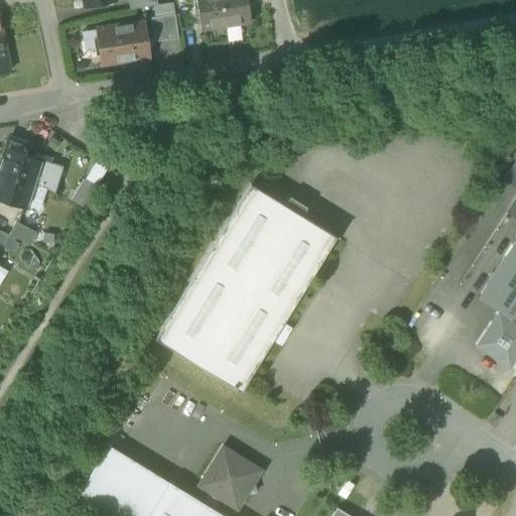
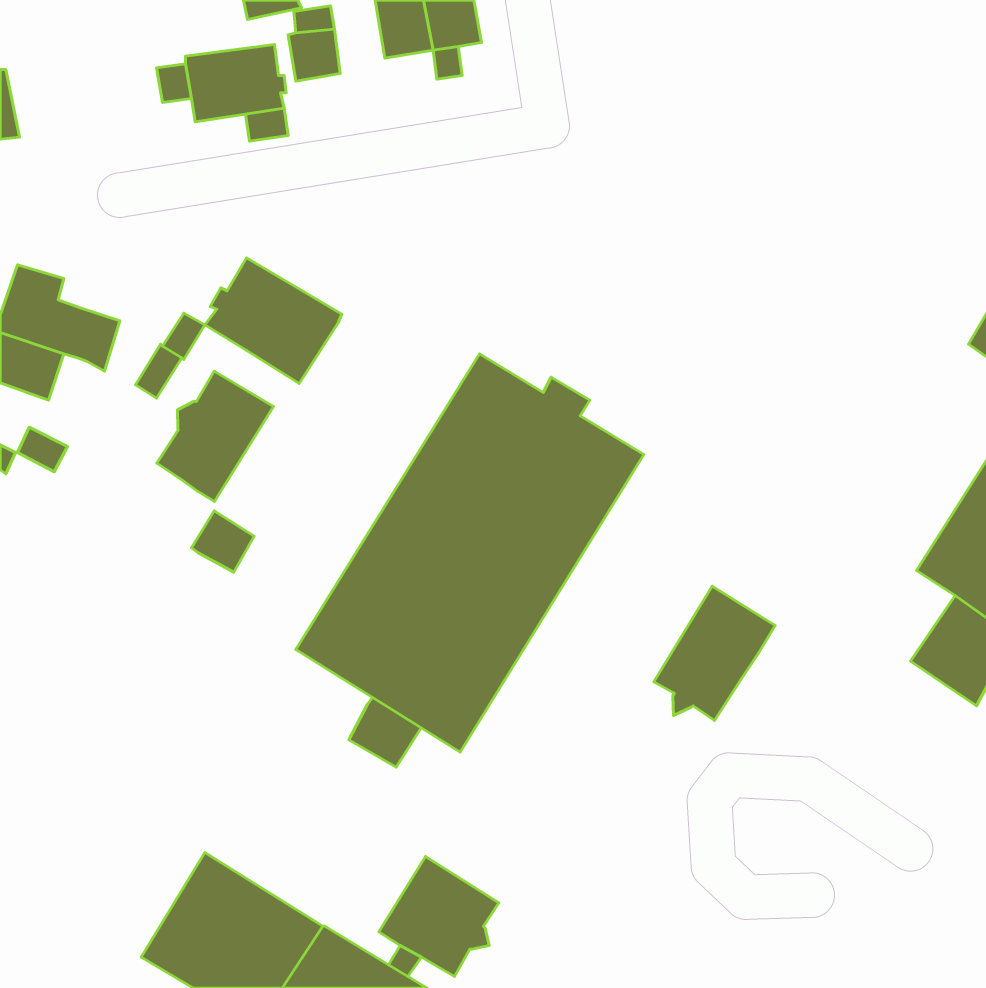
building: none -> [205,258,342,383]
building: none -> [157,371,273,501]
building: none -> [191,511,254,572]
building: none -> [654,586,775,721]
building: none -> [349,697,421,767]

